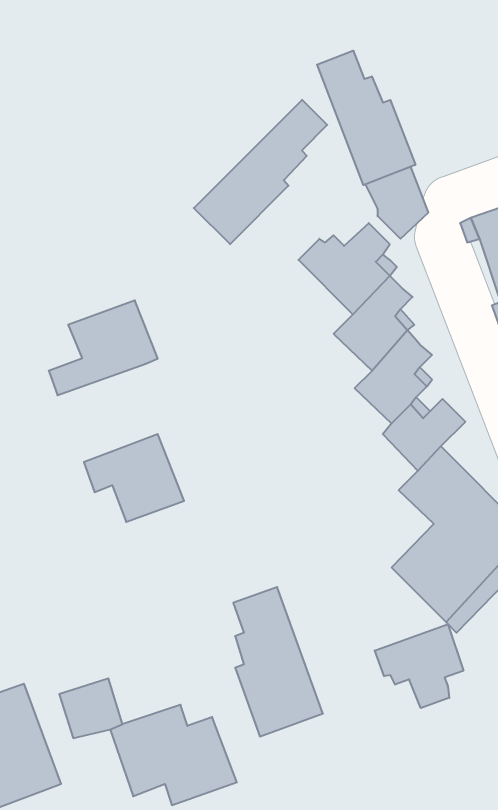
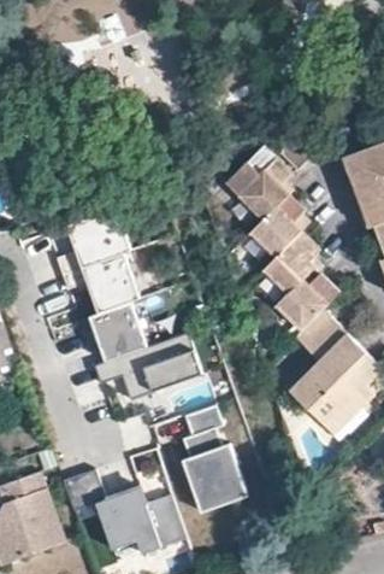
building: [317,51,415,185] -> none
building: [194,100,327,244] -> none
building: none -> [61,253,137,314]
building: none -> [95,332,202,399]
building: [375,624,463,708] -> none

